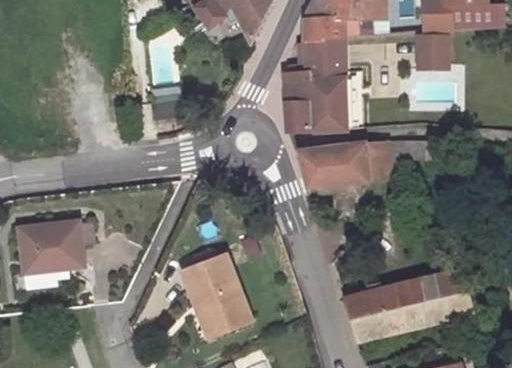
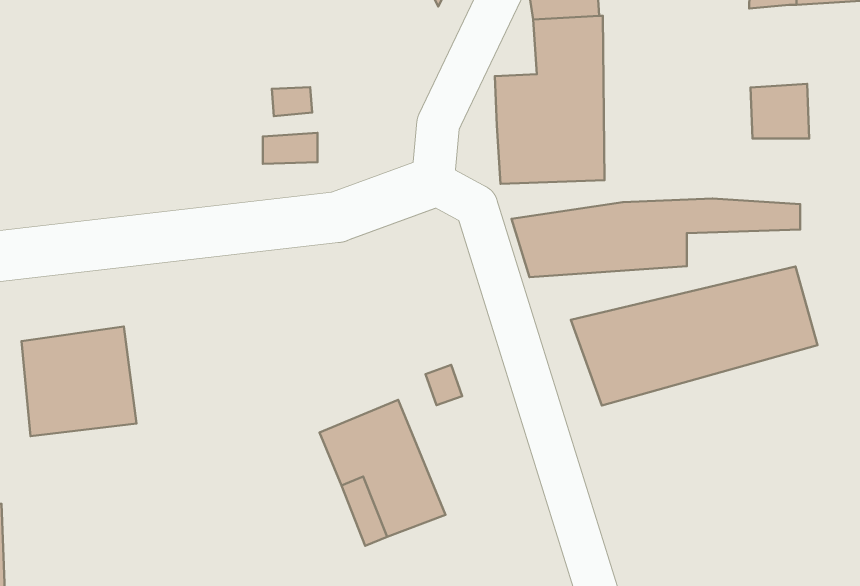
building: [411,40,443,70] -> [751,84,809,139]
building: [341,269,476,345] -> [571,267,818,406]

